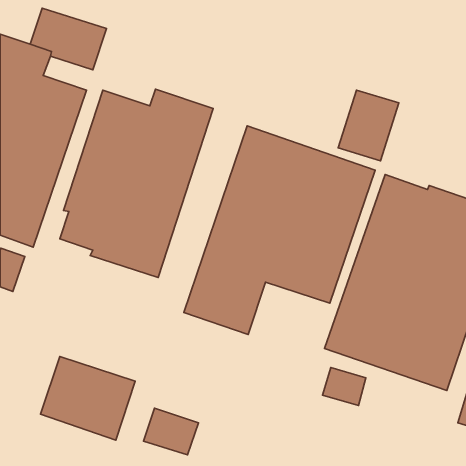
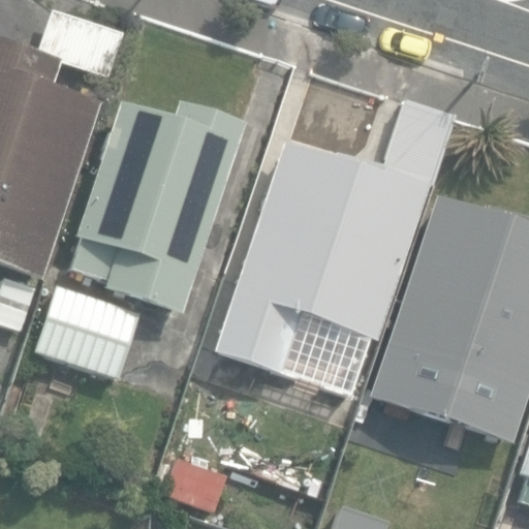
building: [40,356,135,440] -> [35,286,142,380]

